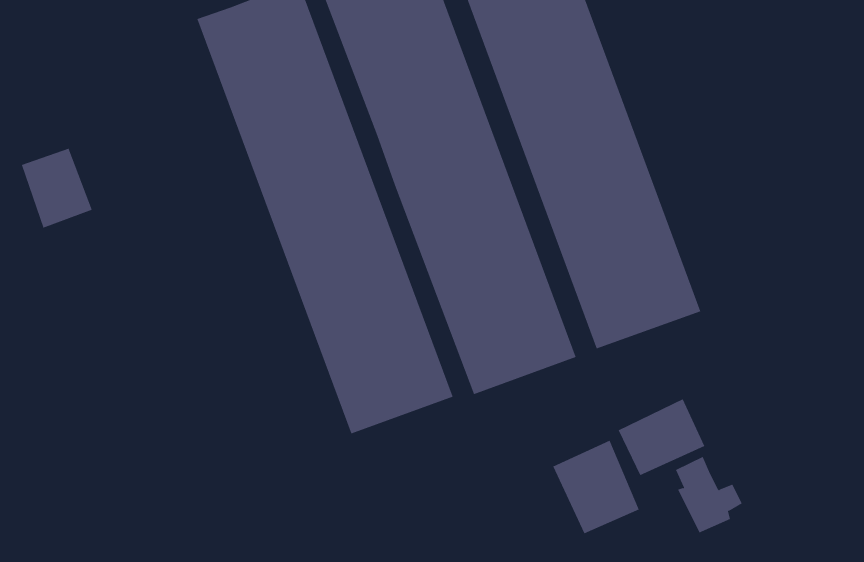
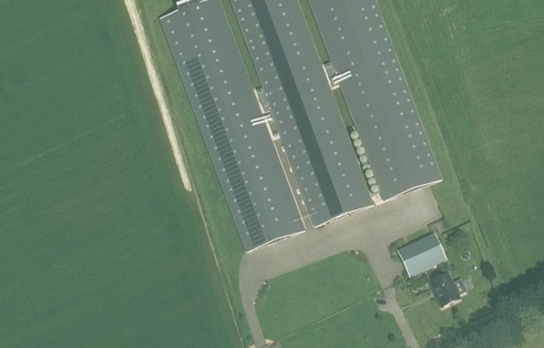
building: [21,148,92,228] -> none
building: [553,440,640,534] -> none

